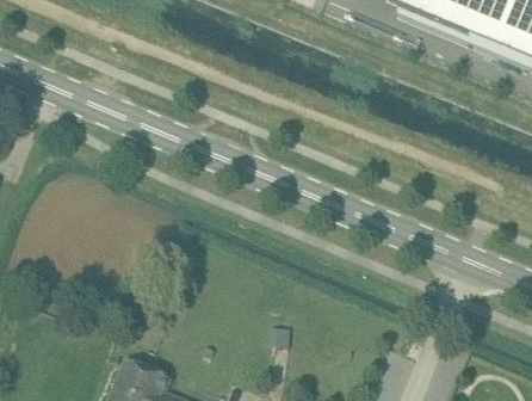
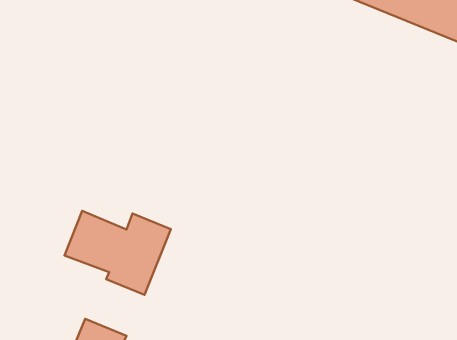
building: none -> [65,211,171,295]

